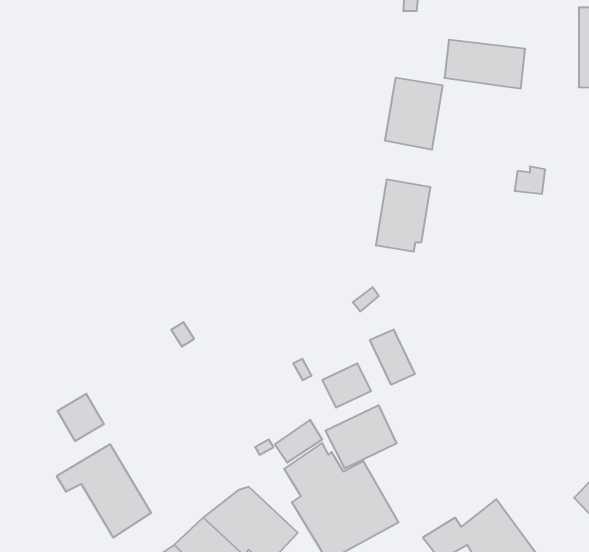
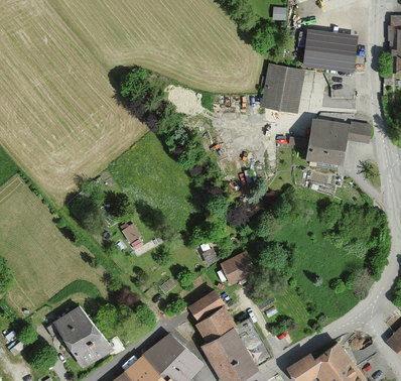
building: [376,180,431,251] -> [308,120,345,167]
building: [370,329,415,385] -> none
building: [58,394,104,441] -> none
building: [325,405,397,469] -> none

